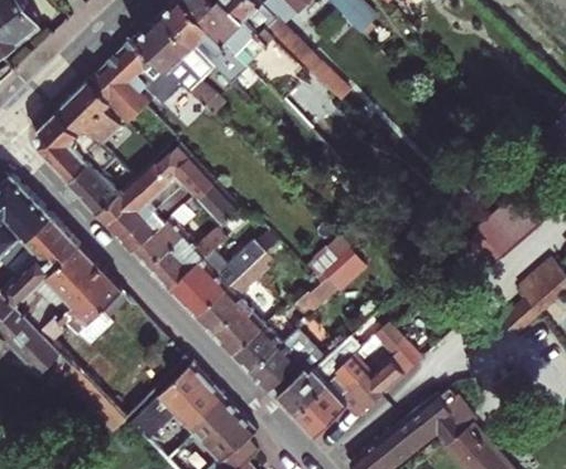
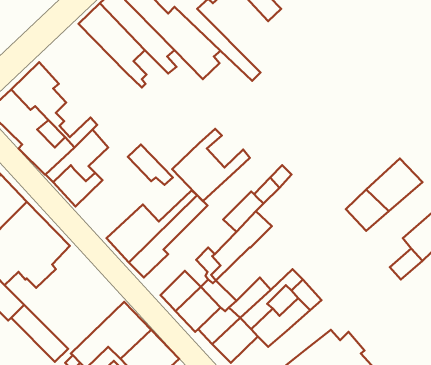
building: [88,34,191,119] -> none
building: [151,139,209,191] -> none
building: [132,202,223,288] -> [172,129,250,201]
building: [212,306,261,355] -> none

